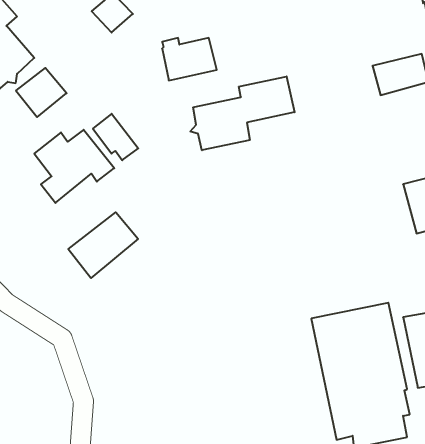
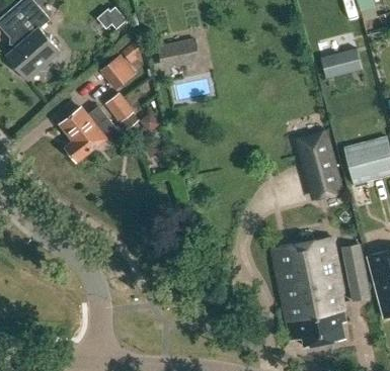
building: [16,68,67,117] -> [98,55,137,92]
building: [190,76,295,150] -> none
building: none -> [301,132,340,198]
building: [68,212,138,278] -> none

